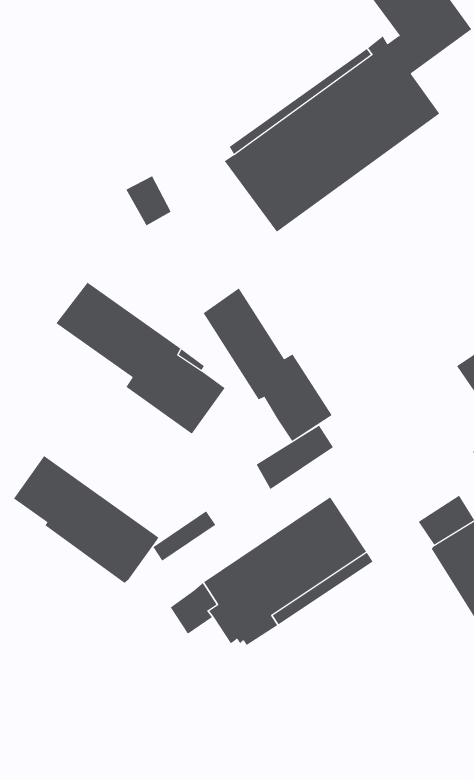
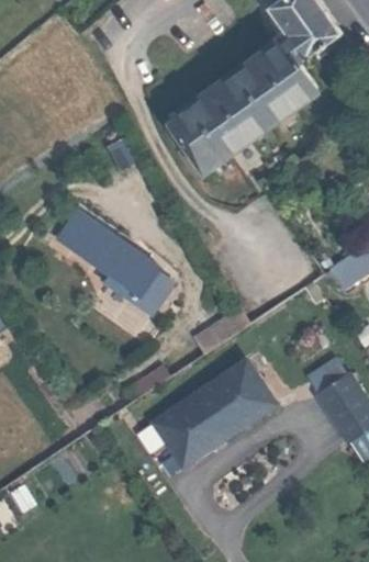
building: [203,288,332,442] -> none
building: [13,455,159,584] -> none

